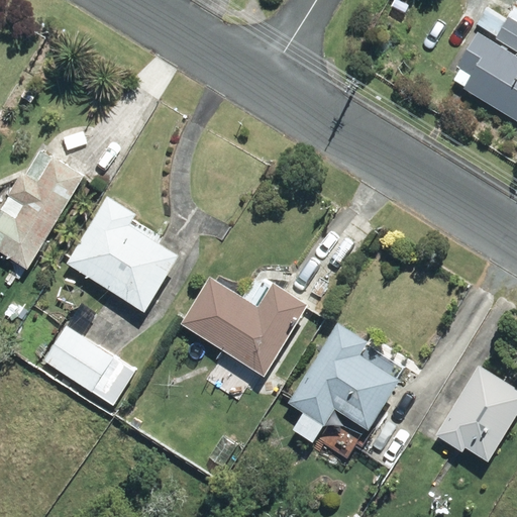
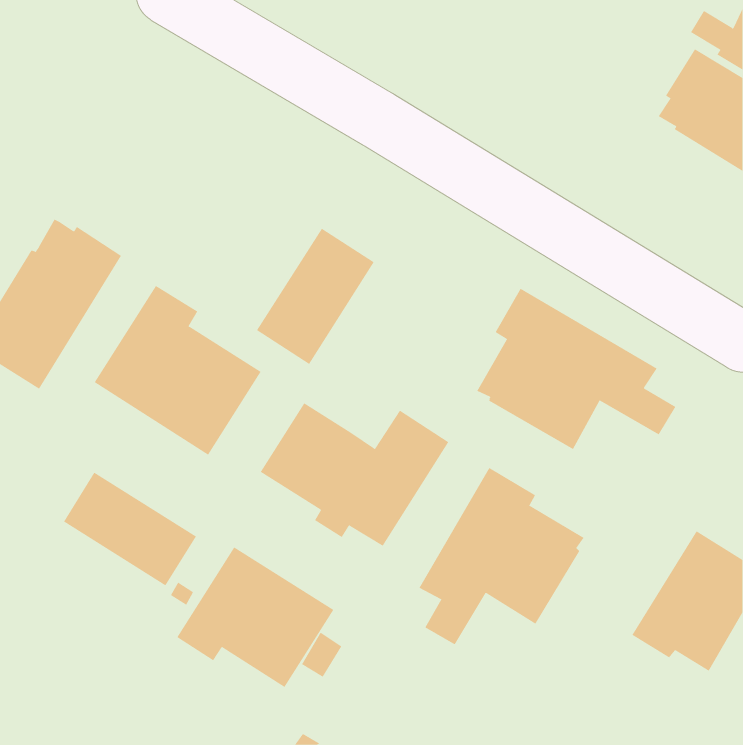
building: none -> [256,228,375,365]
building: none -> [477,288,676,450]
building: none -> [177,546,334,688]

